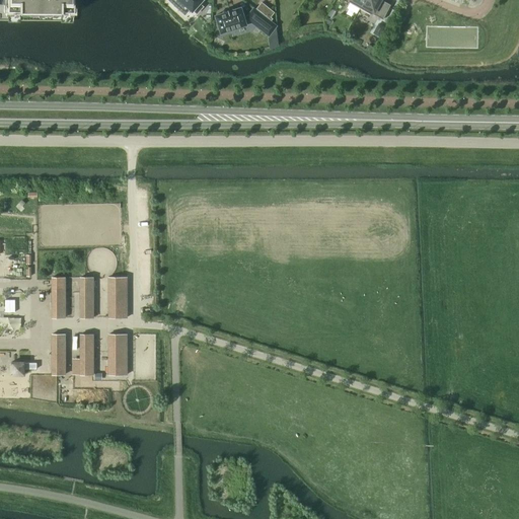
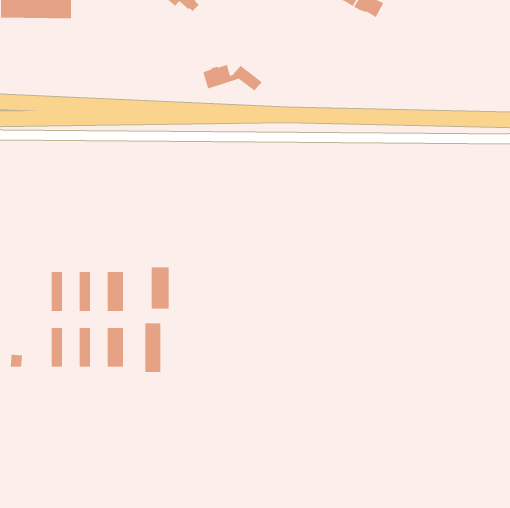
building: [215,6,276,33] -> [203,64,263,91]
building: none -> [151,266,169,309]
building: none -> [145,323,161,373]

